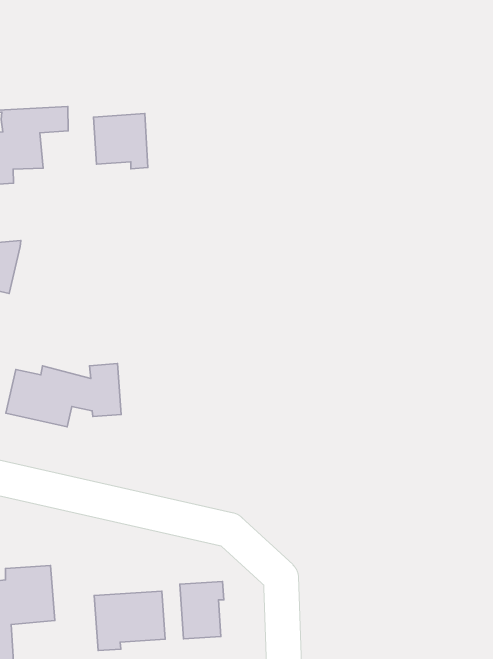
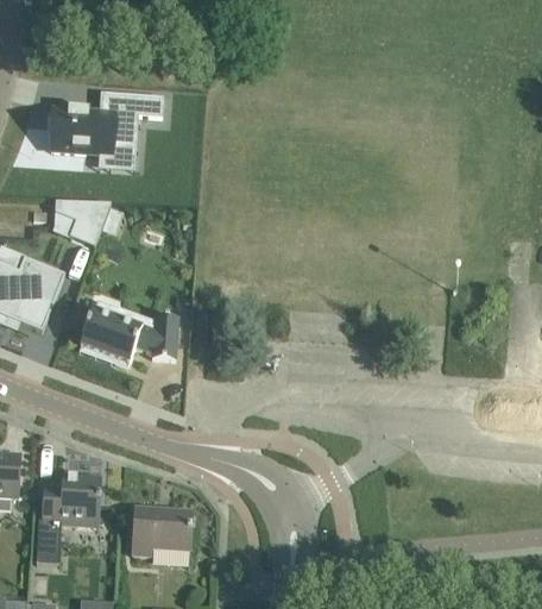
building: [93,114,148,169] -> none
building: [180,582,224,639] -> none

